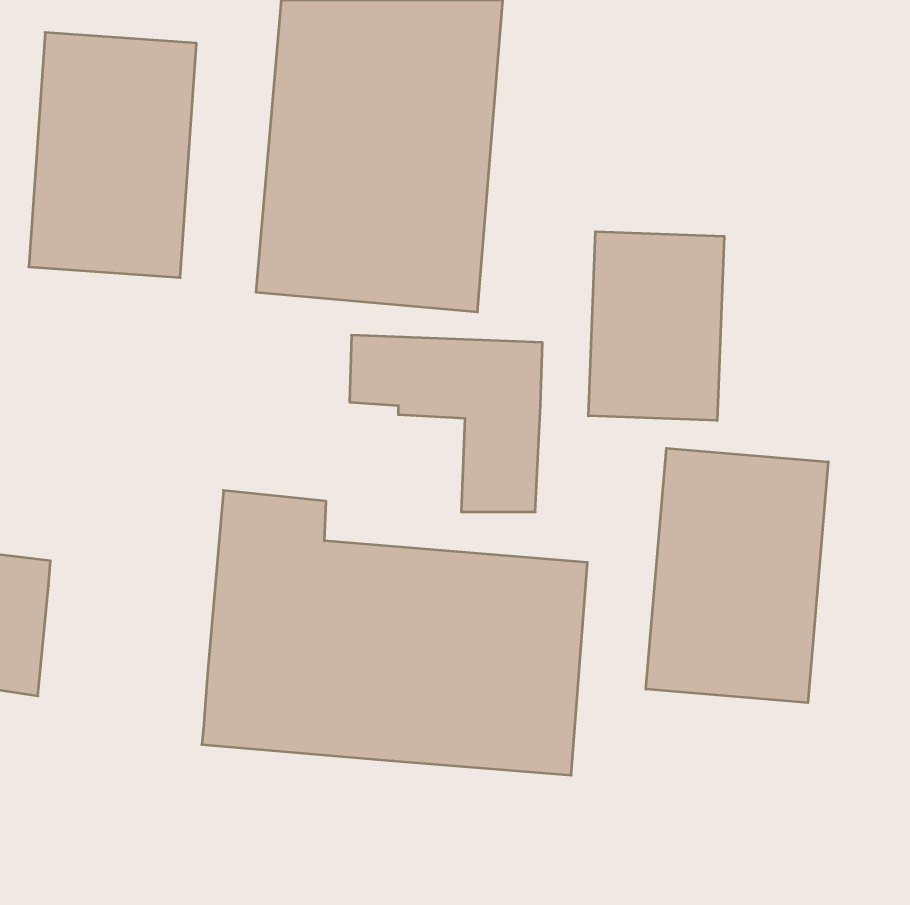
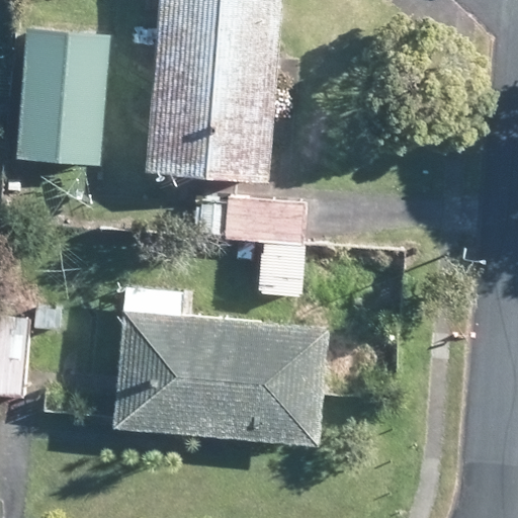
building: [588,232,724,421] -> none
building: [646,448,828,703] -> none

